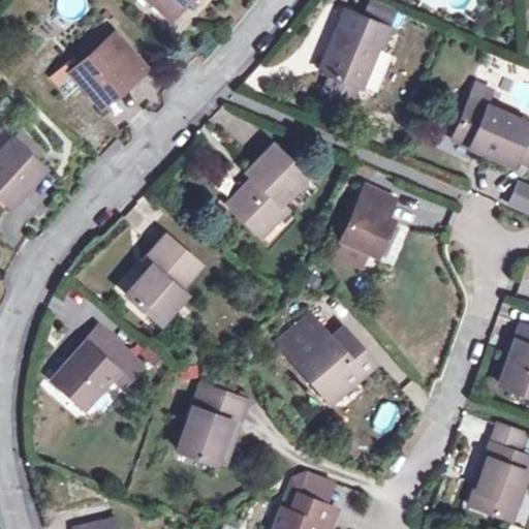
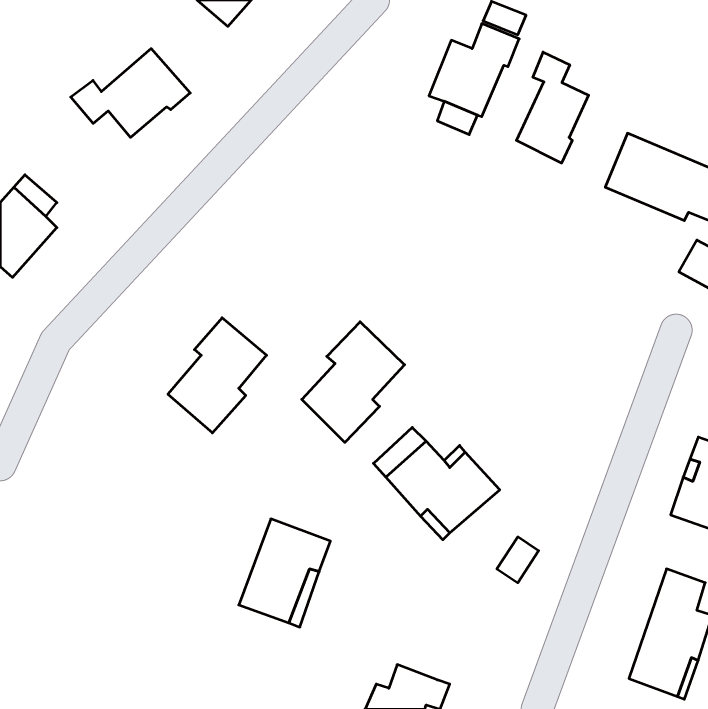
building: none -> [516,52,589,163]
building: [228,146,305,236] -> [302,322,405,442]
building: [341,187,394,255] -> none
building: [52,331,127,410] -> none
building: [281,474,335,512] -> none

